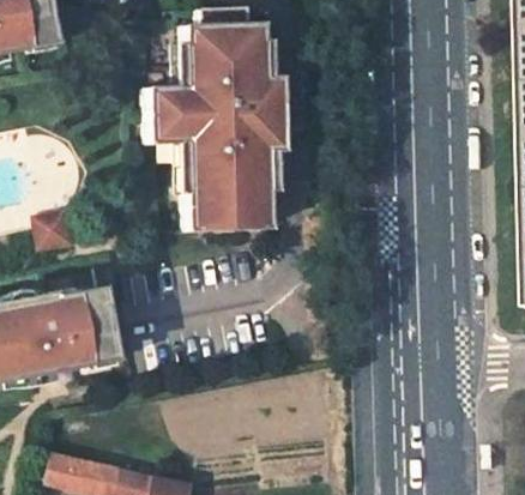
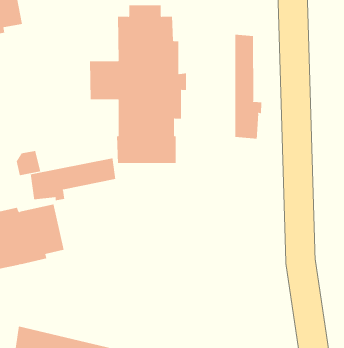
building: none -> [235,34,262,140]
building: none -> [30,157,116,201]

